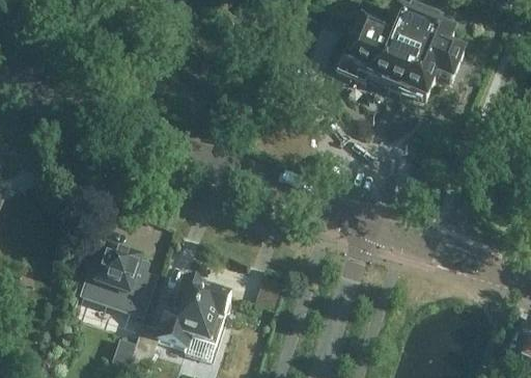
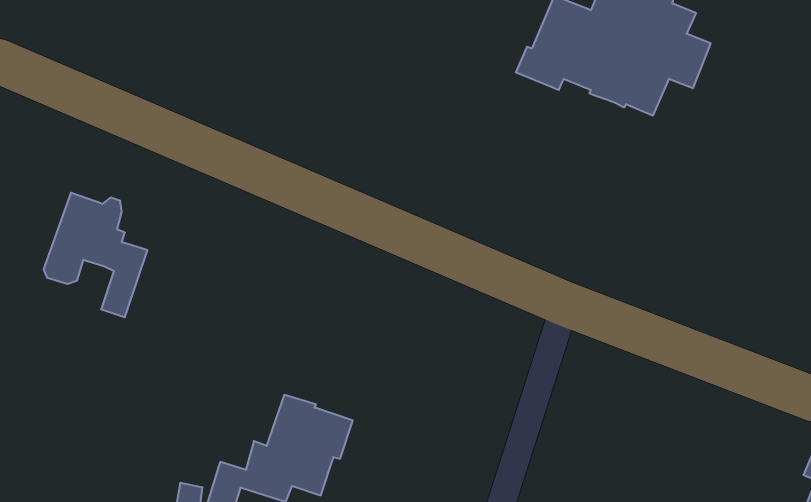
building: [91,243,159,324] -> [44,193,147,317]

